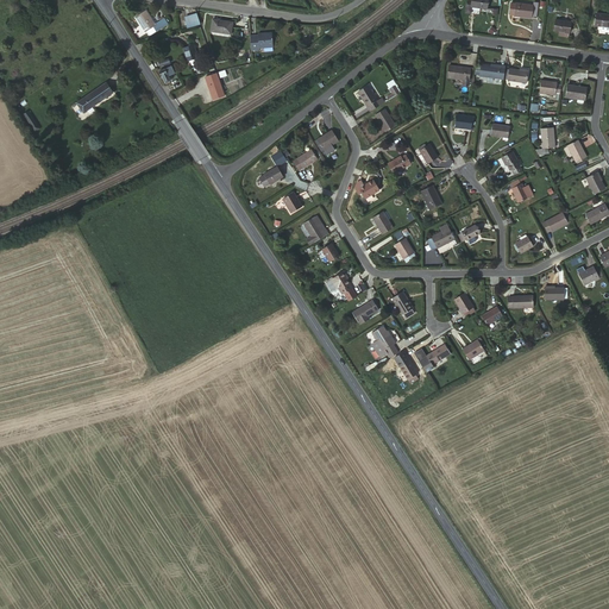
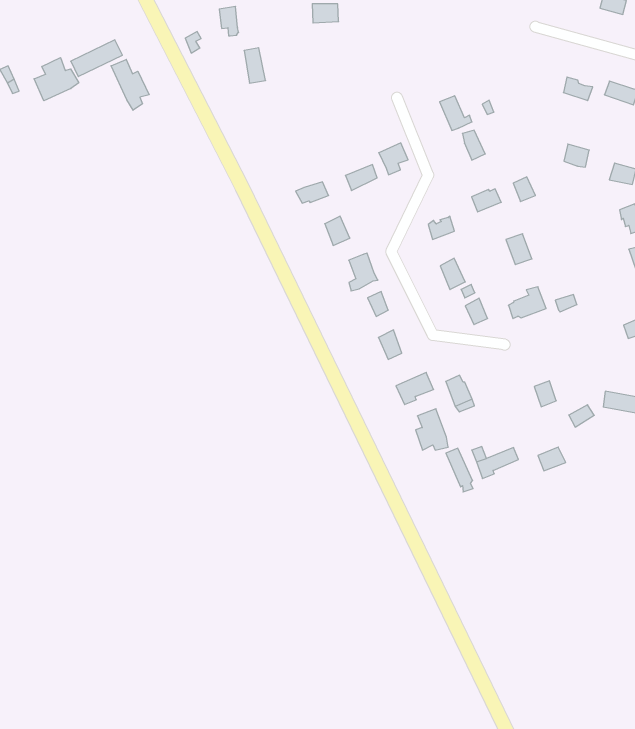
building: none -> [111,59,149,110]
building: none -> [34,58,79,101]

